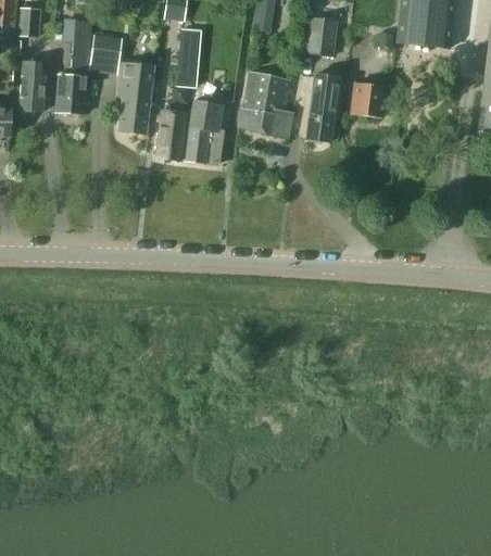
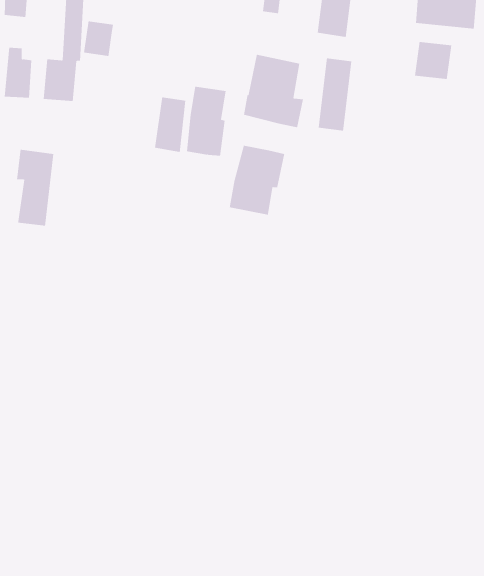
building: [177,28,201,87] -> none
building: [118,62,153,132] -> [16,149,54,226]
building: [350,81,385,116] -> [414,42,452,80]
building: none -> [229,145,285,216]

